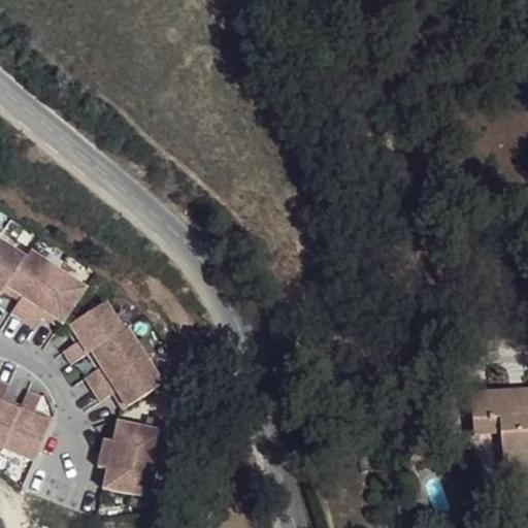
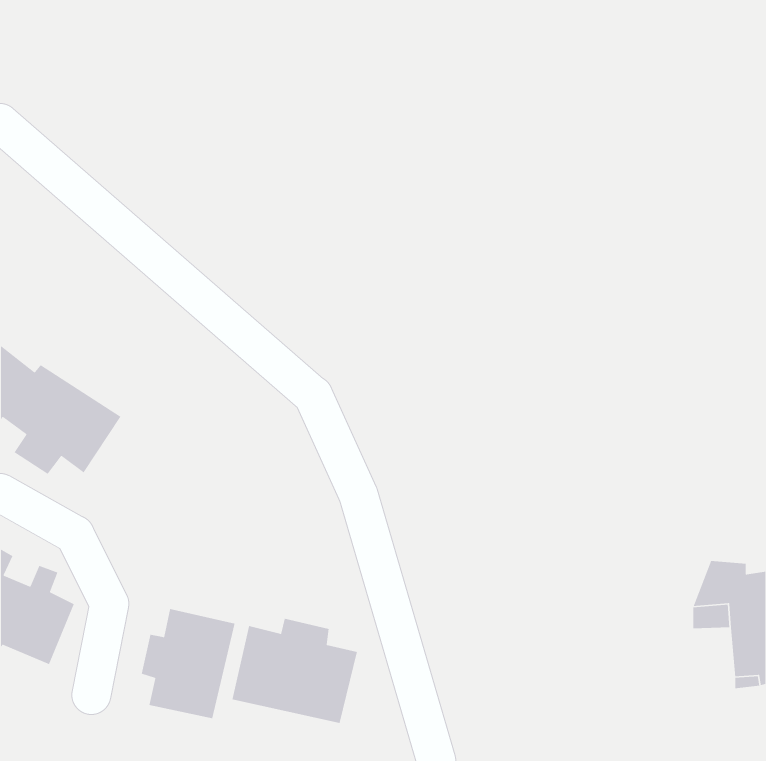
building: [63,300,162,407] -> none
building: none -> [232,618,358,724]

